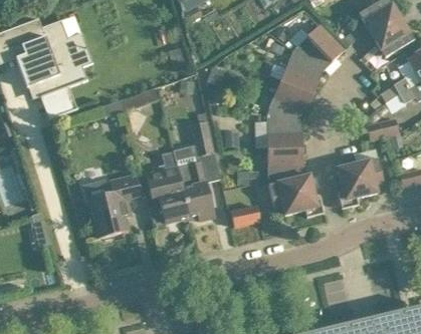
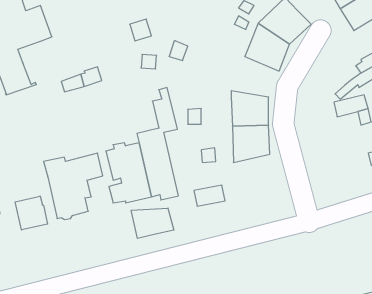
building: [266,81,312,120] -> none
building: [337,157,384,206] -> none
building: [268,174,317,217] -> none
building: none -> [15,196,48,230]
building: none -> [131,208,174,238]

